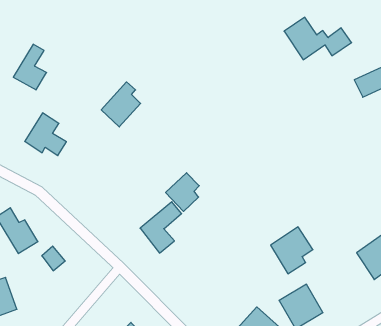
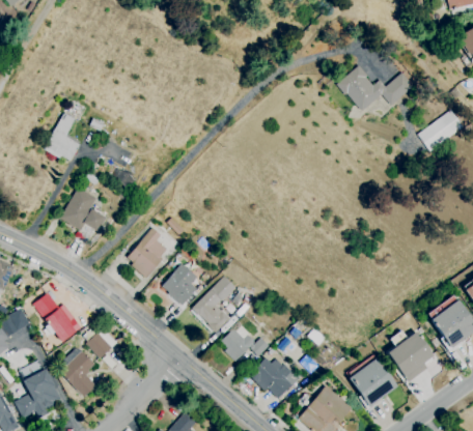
building: [101,82,141,127] -> [126,227,168,277]
building: [166,173,199,211] -> [161,263,197,306]
building: [271,227,313,274] -> [387,331,434,382]
building: none -> [220,324,269,361]
building: none -> [59,347,96,397]
building: none -> [251,353,299,401]

